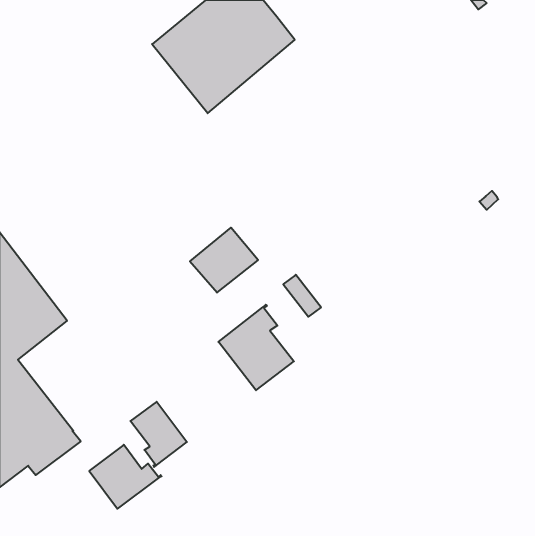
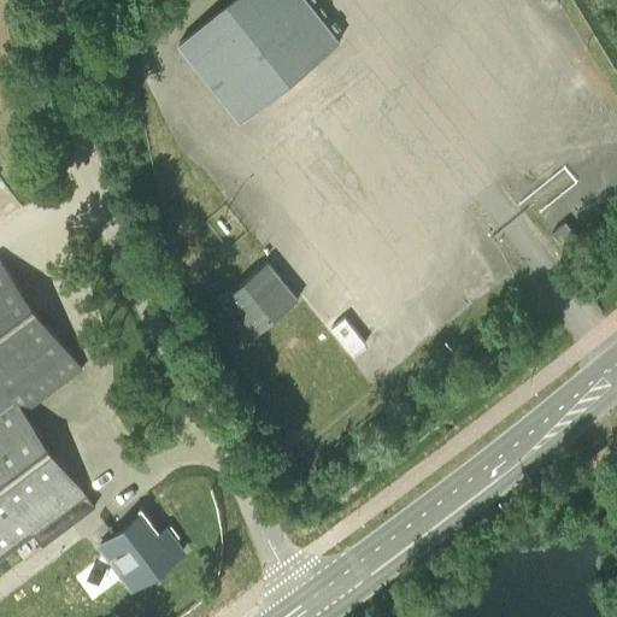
building: [218,305,294,390] -> none
building: [130,402,187,467] -> none

